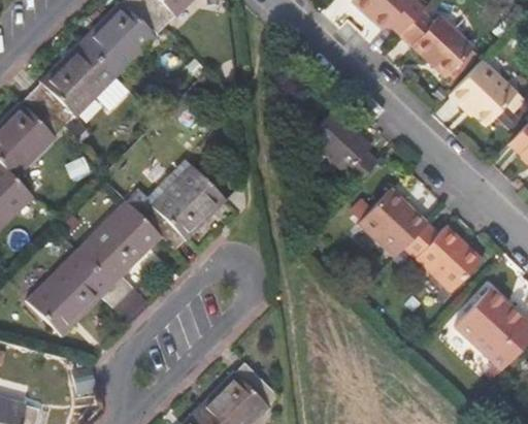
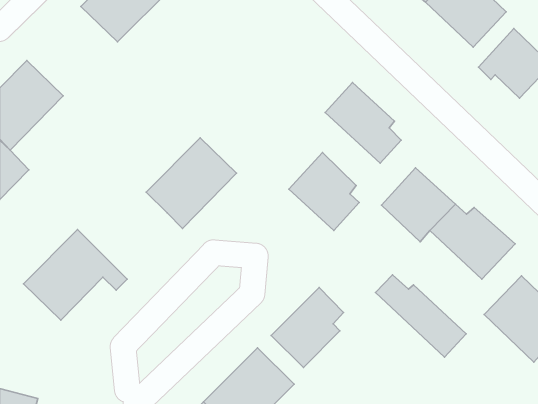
building: [30,40,129,124] -> none
building: none -> [289,153,359,231]
building: [77,199,161,295] -> none
building: none -> [376,275,466,357]
building: none -> [271,287,344,367]

